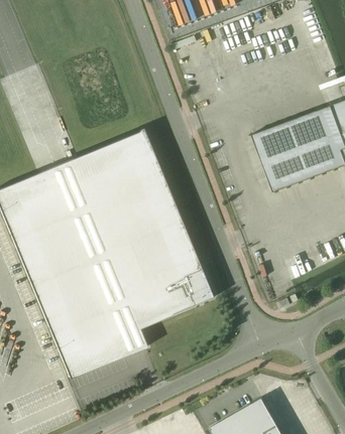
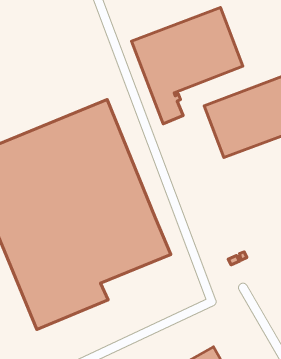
building: none -> [132,7,243,124]

